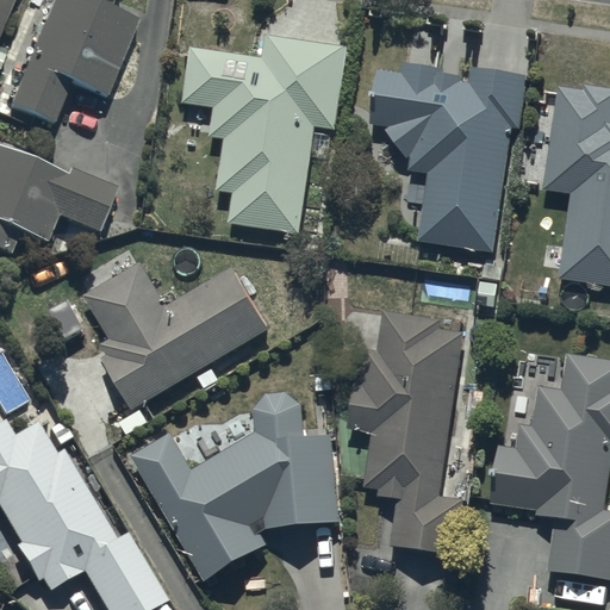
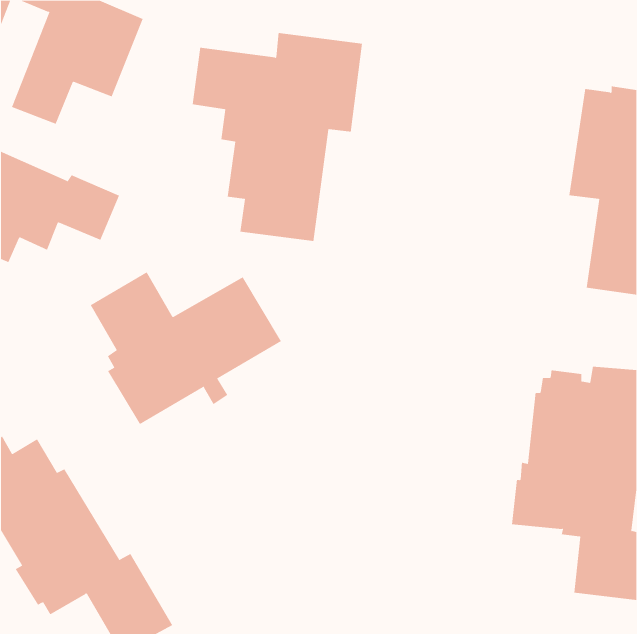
building: [371,62,525,251] -> none
building: [348,312,465,554] -> none
building: [131,393,340,580] -> none

